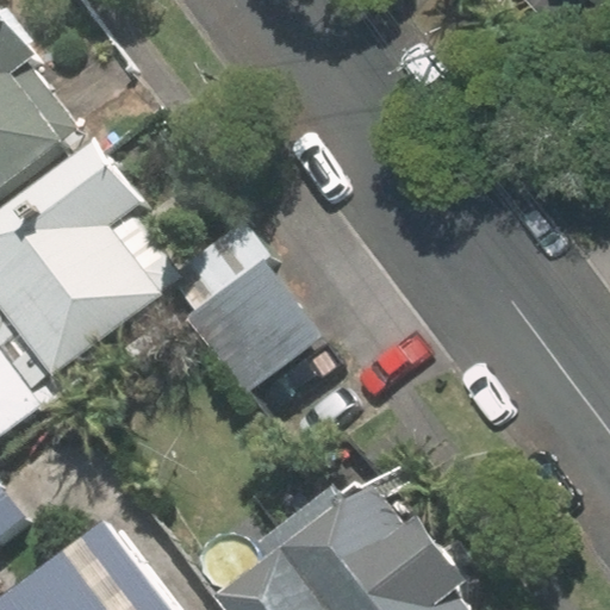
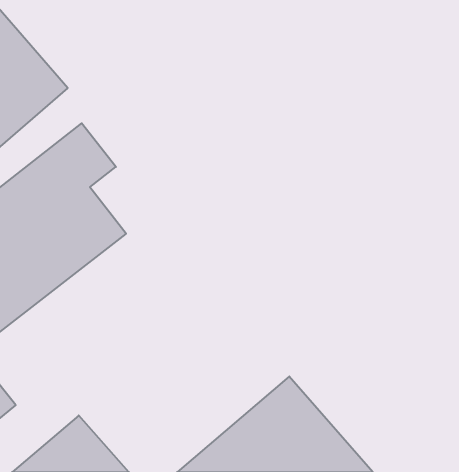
building: [169,218,329,402] -> none

